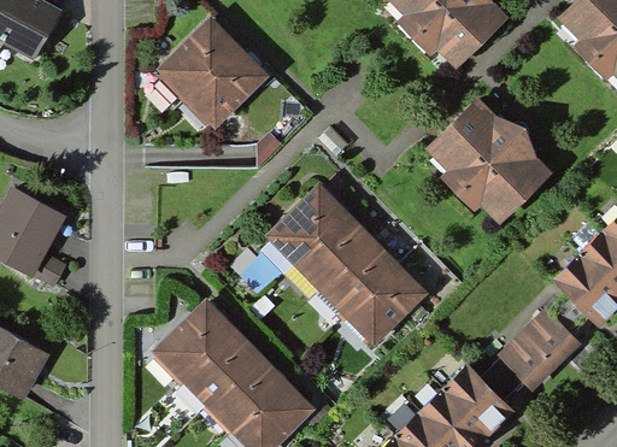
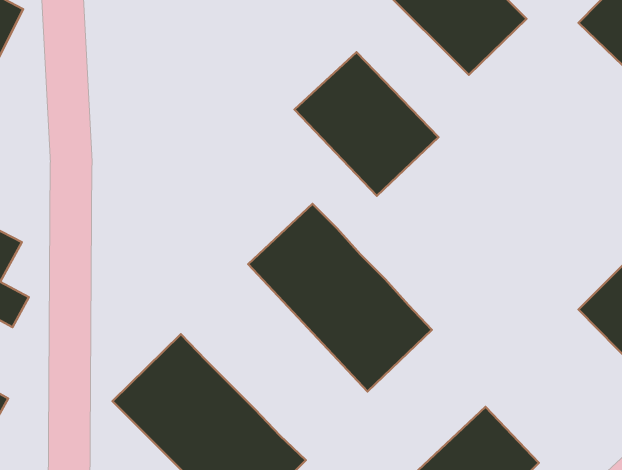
building: [153,24,258,129] -> none
building: [423,96,550,223] -> [295,52,439,196]
building: [498,307,584,393] -> none

